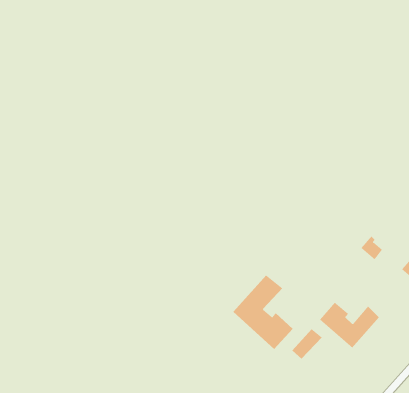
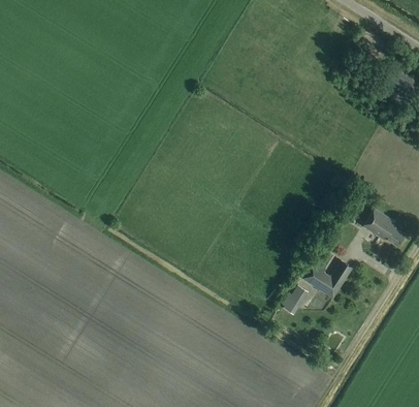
building: [233,275,293,350] -> none

